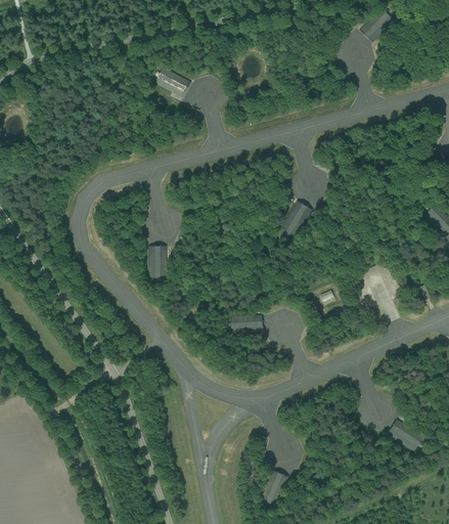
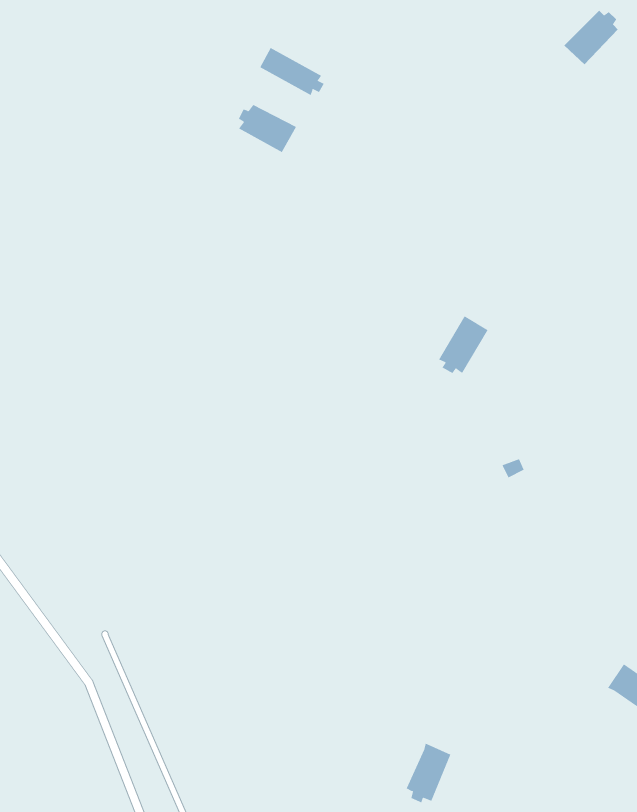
building: none -> [259,47,324,96]
building: [147,246,166,280] -> none
building: [226,314,262,334] -> none

